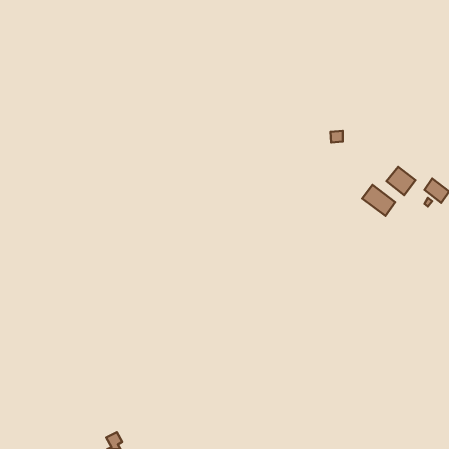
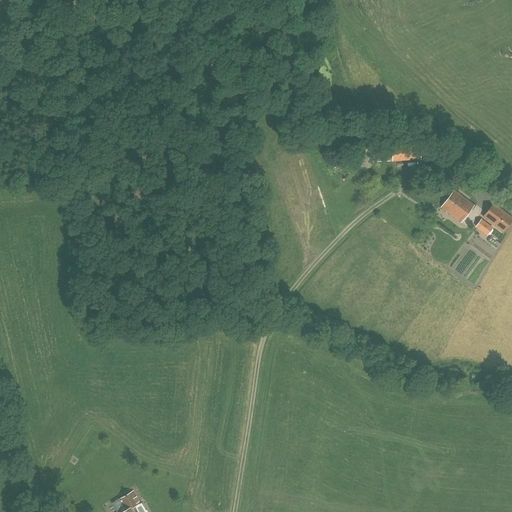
building: [362,185,395,216] -> none

